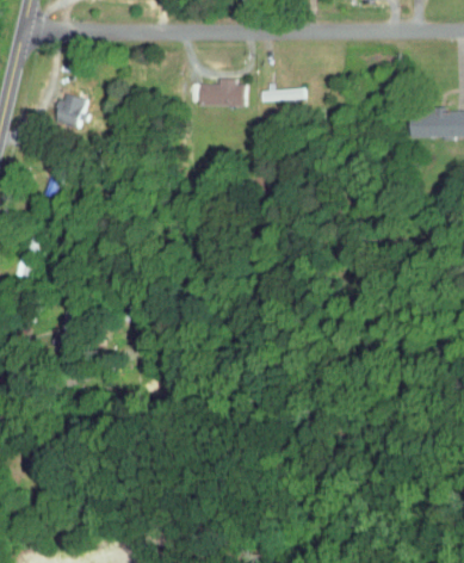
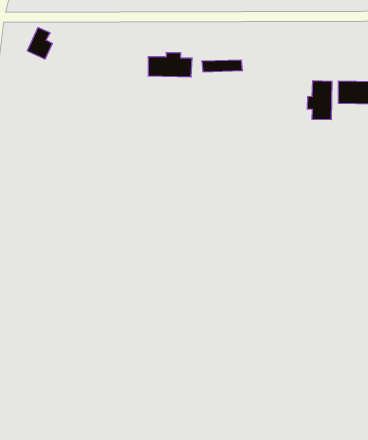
building: [56,94,85,130] -> [27,28,52,59]
building: none -> [307,81,332,120]

